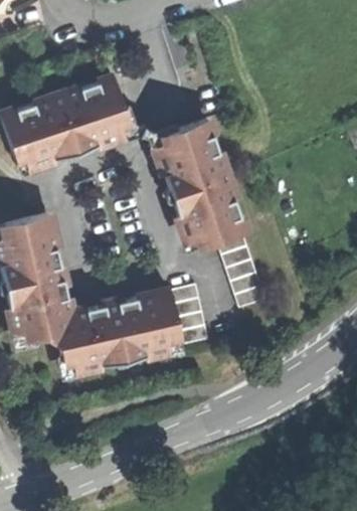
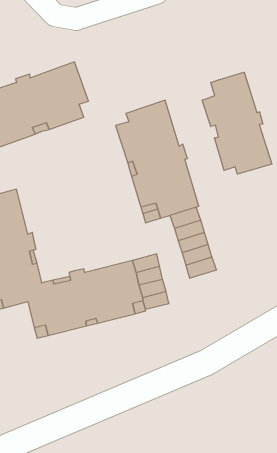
building: none -> [202,72,272,174]

